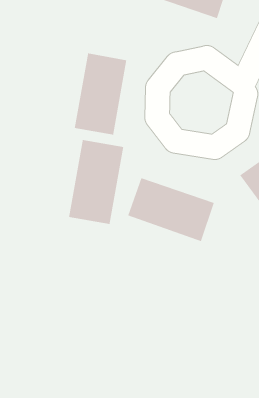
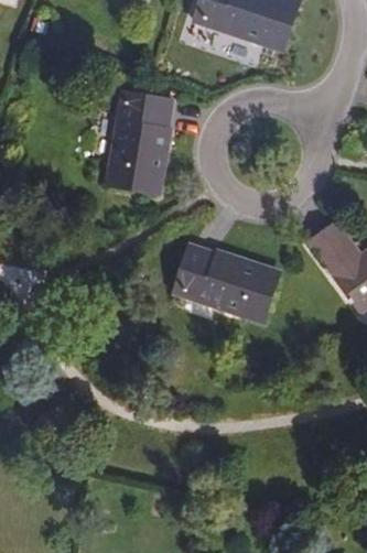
building: [68,139,124,225] -> none

